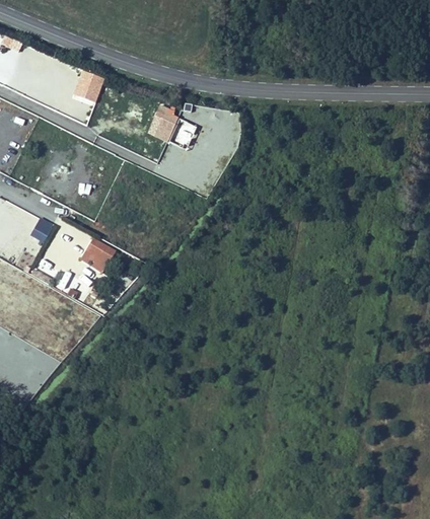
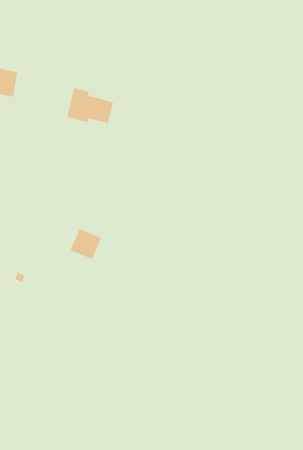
building: [80,237,116,272] -> [70,229,102,260]

